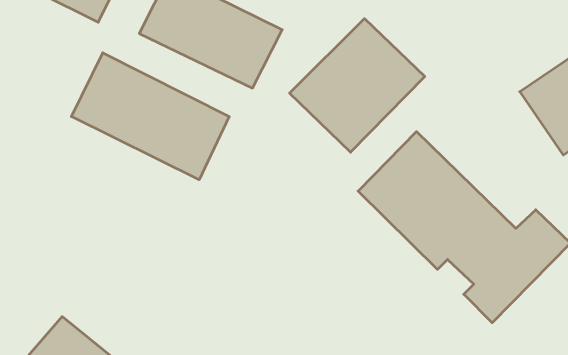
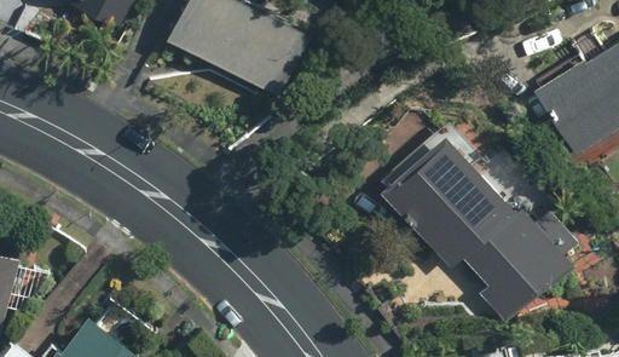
building: [290,19,425,152] -> none
building: [71,53,229,180] -> none

